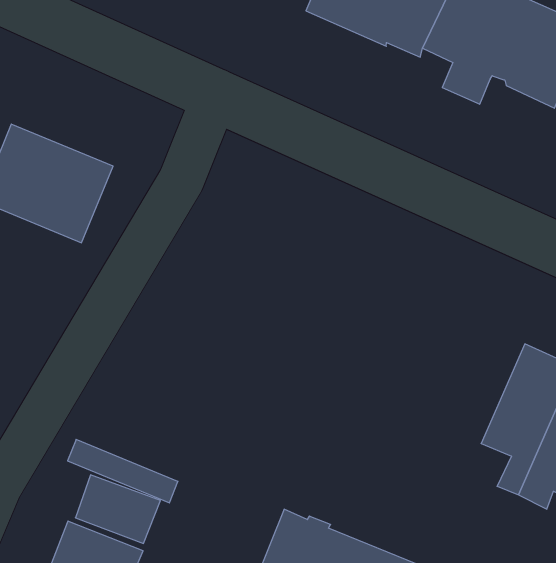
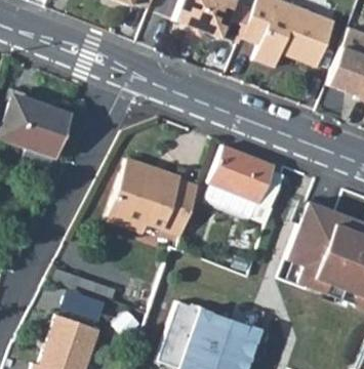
building: none -> [206,145,283,222]
building: none -> [107,158,199,234]

